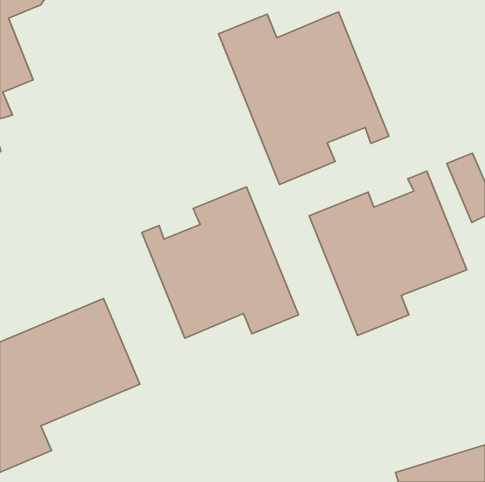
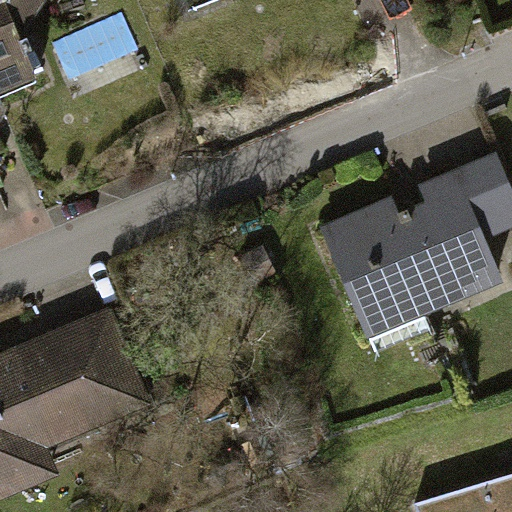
building: [218,12,389,184] -> none
building: [142,187,298,338] -> none

